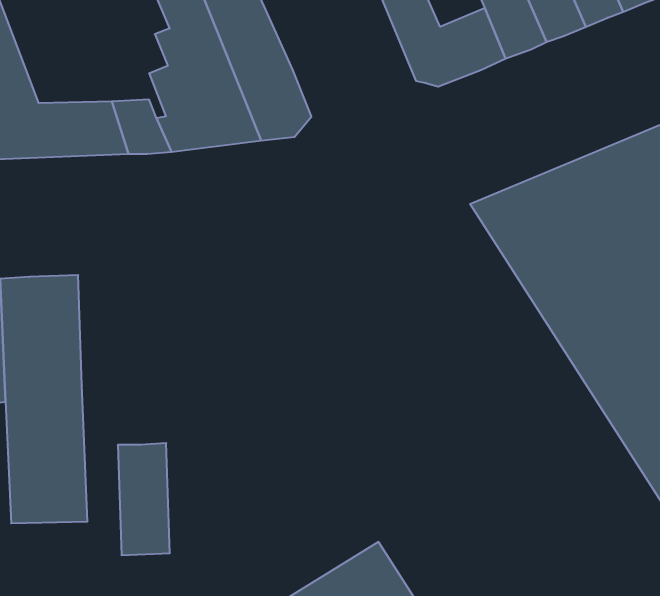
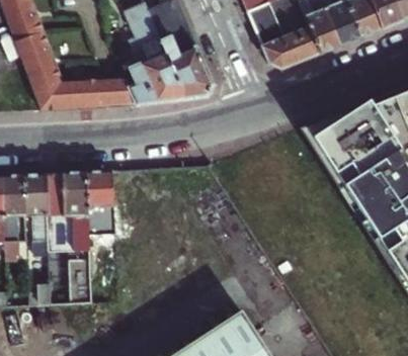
building: [118,443,170,555] -> [85,169,113,230]

